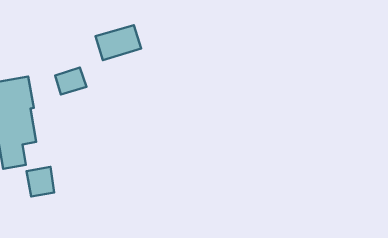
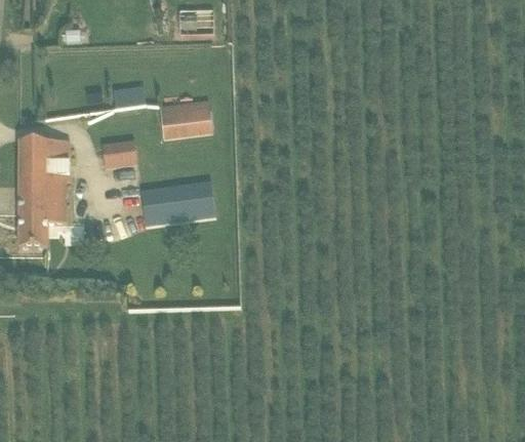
building: none -> [140,182,216,229]
building: [27,167,54,197] -> none

